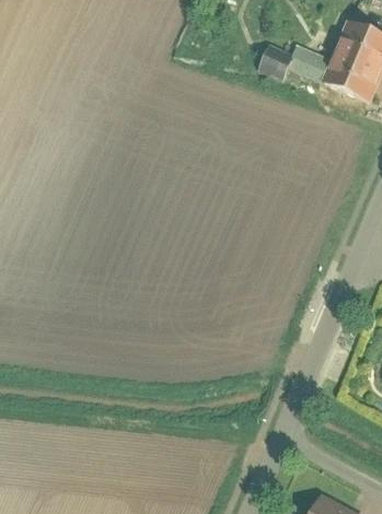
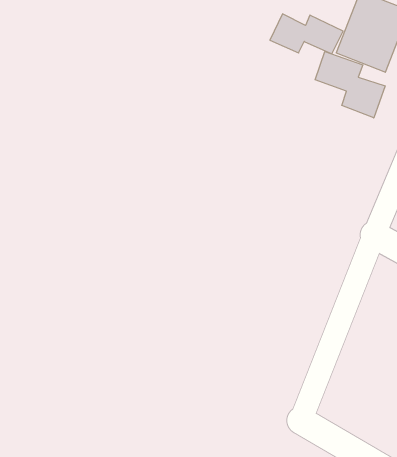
building: none -> [315,52,385,118]

